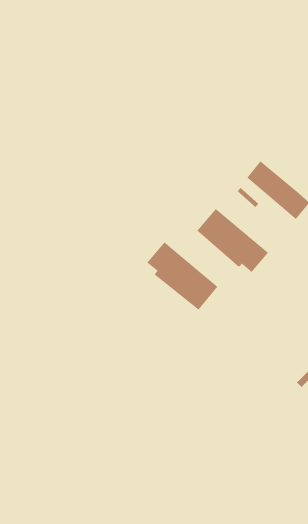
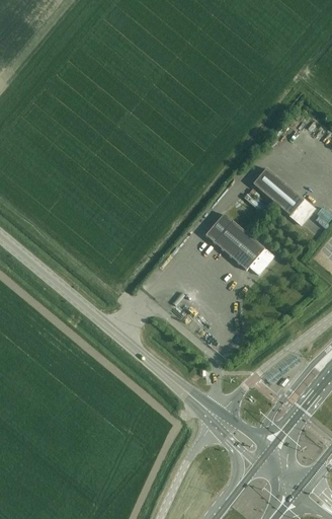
building: [147,241,218,311] -> none

